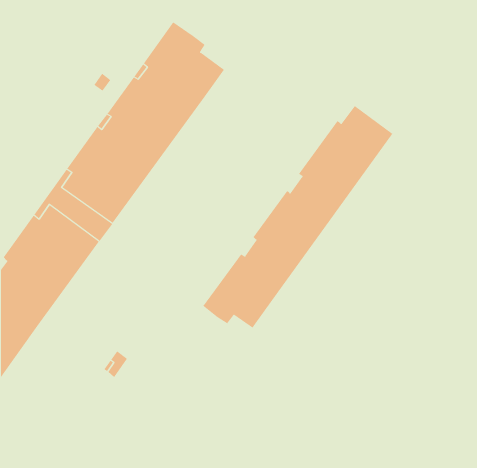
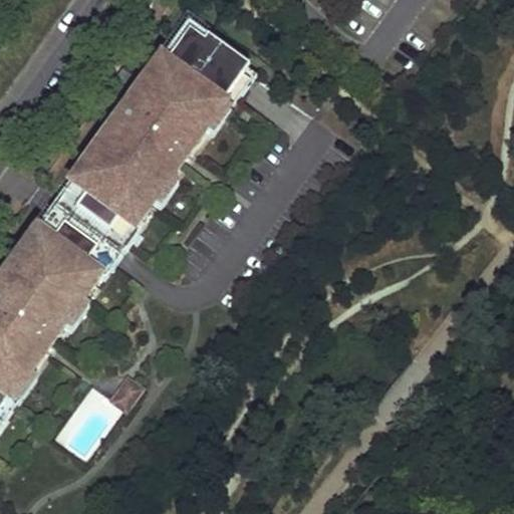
building: [203,105,393,329] -> none

